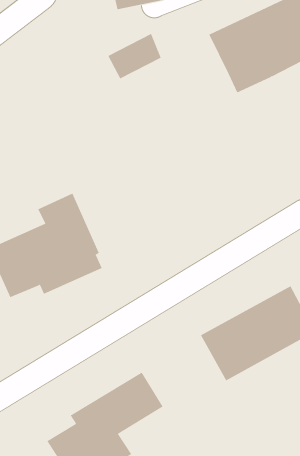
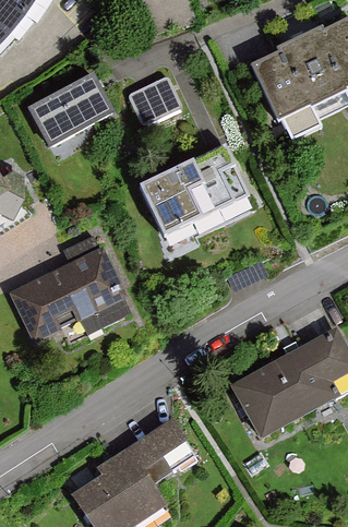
building: none -> [29,75,115,149]
building: none -> [139,142,257,248]

